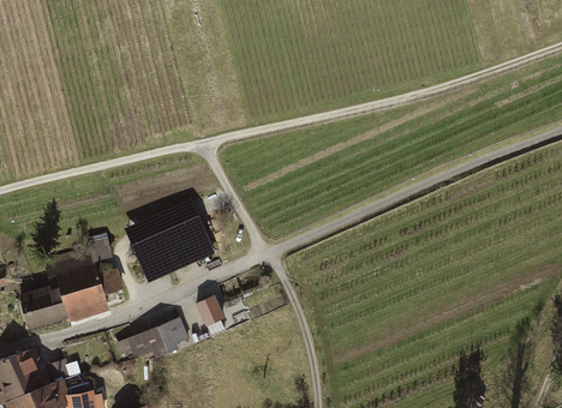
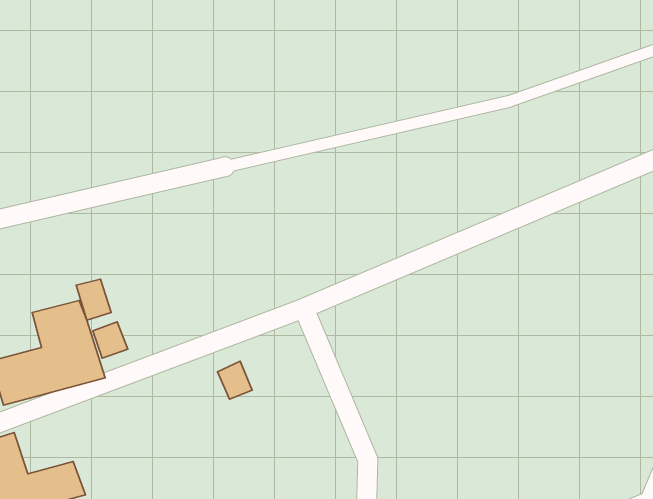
building: [133,214,214,280] -> none
building: [110,316,190,364] -> none

